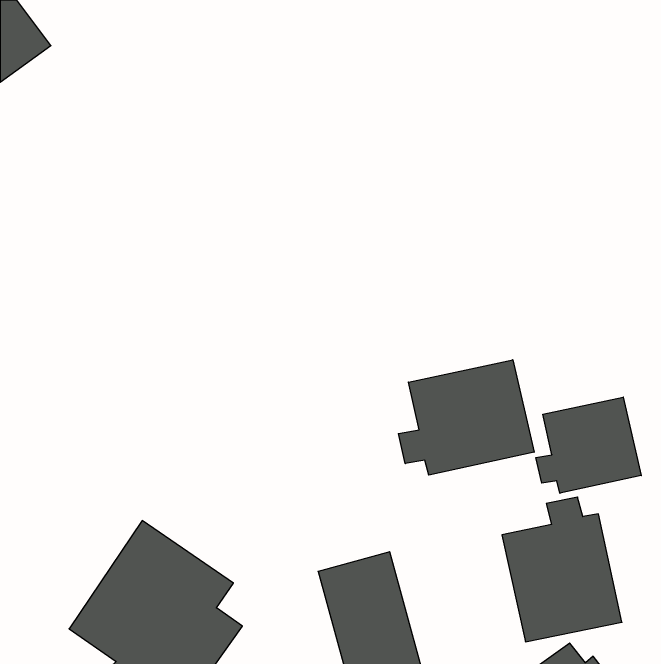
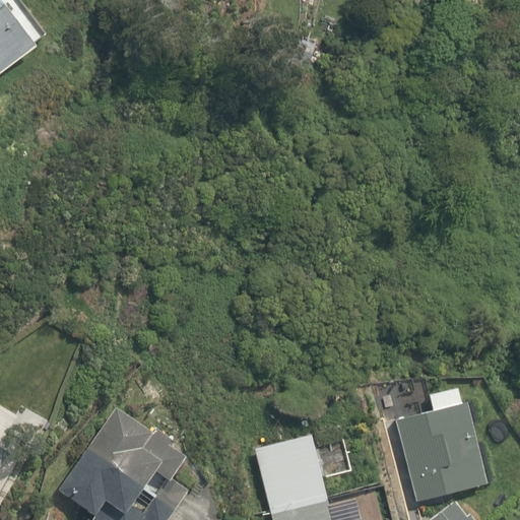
building: [398,360,534,475] -> none
building: [536,397,641,493] -> none

